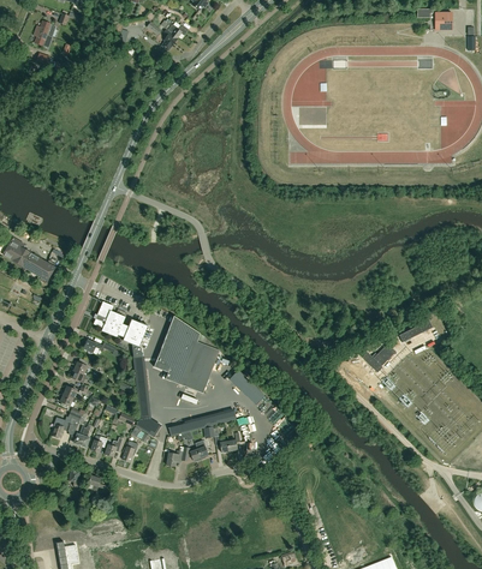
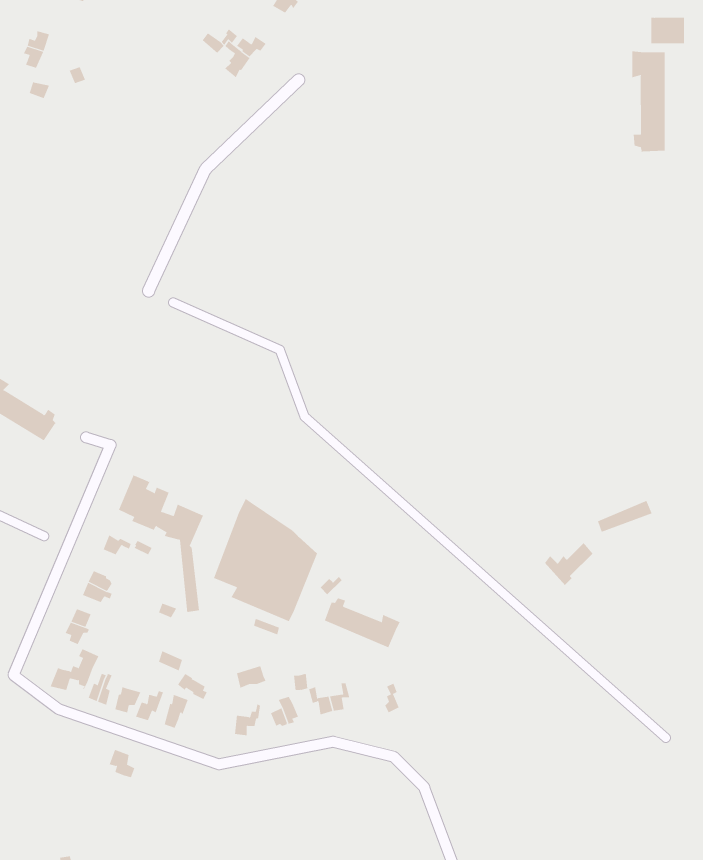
building: none -> [632,51,665,153]
building: none -> [324,598,400,648]

